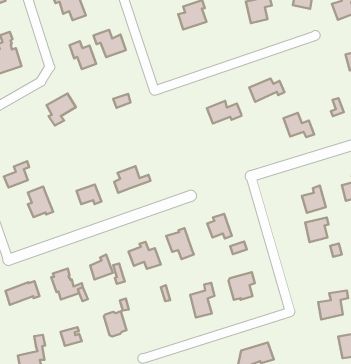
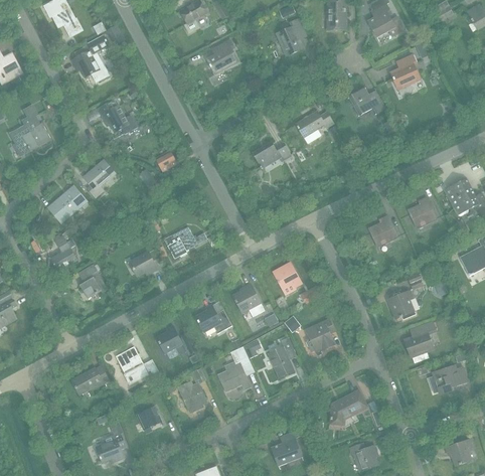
building: [93,30,126,57] -> none
building: none -> [51,184,88,219]
building: [284,113,314,137] -> [350,88,385,114]
building: [305,217,329,242] -> [387,289,414,318]
building: none -> [218,359,250,389]

